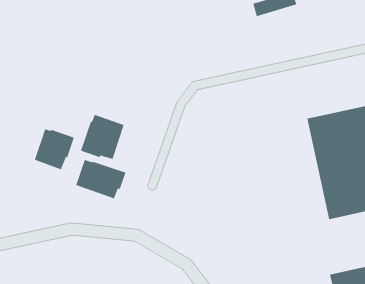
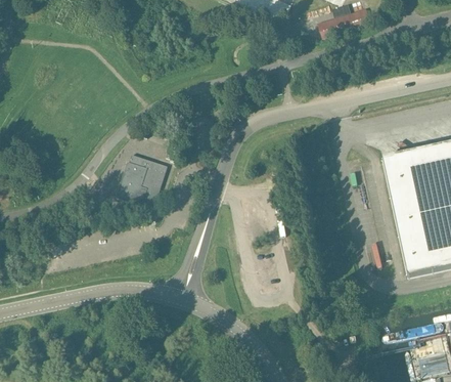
building: [34,128,75,170] -> none
building: [76,159,126,199] -> none

